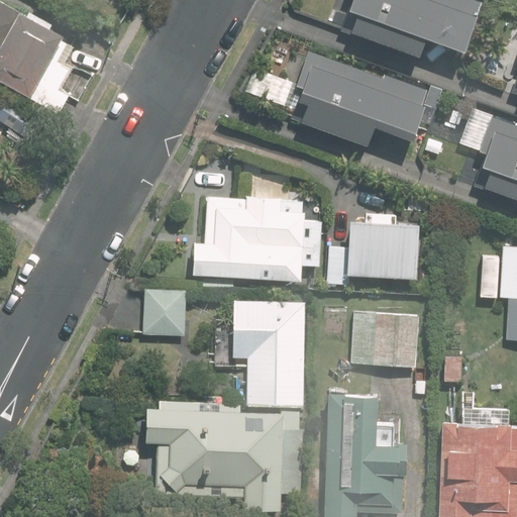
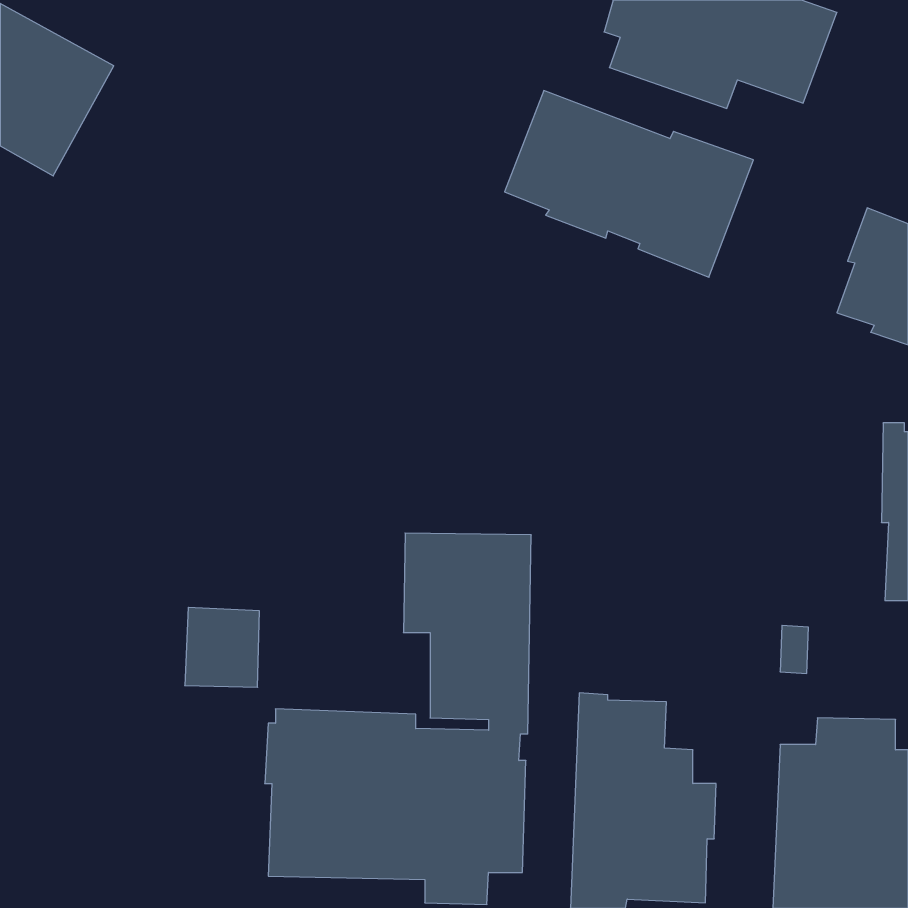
building: [194,196,322,282] -> none
building: [324,221,417,283] -> none
building: [142,289,185,334] -> [185,607,259,687]
building: [351,312,418,366] -> none

